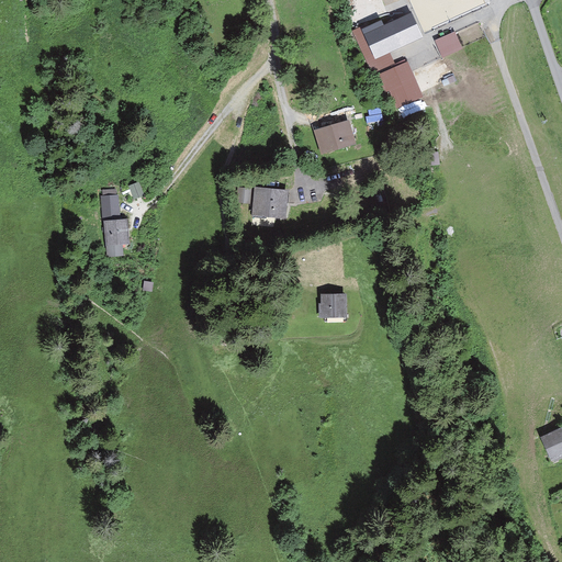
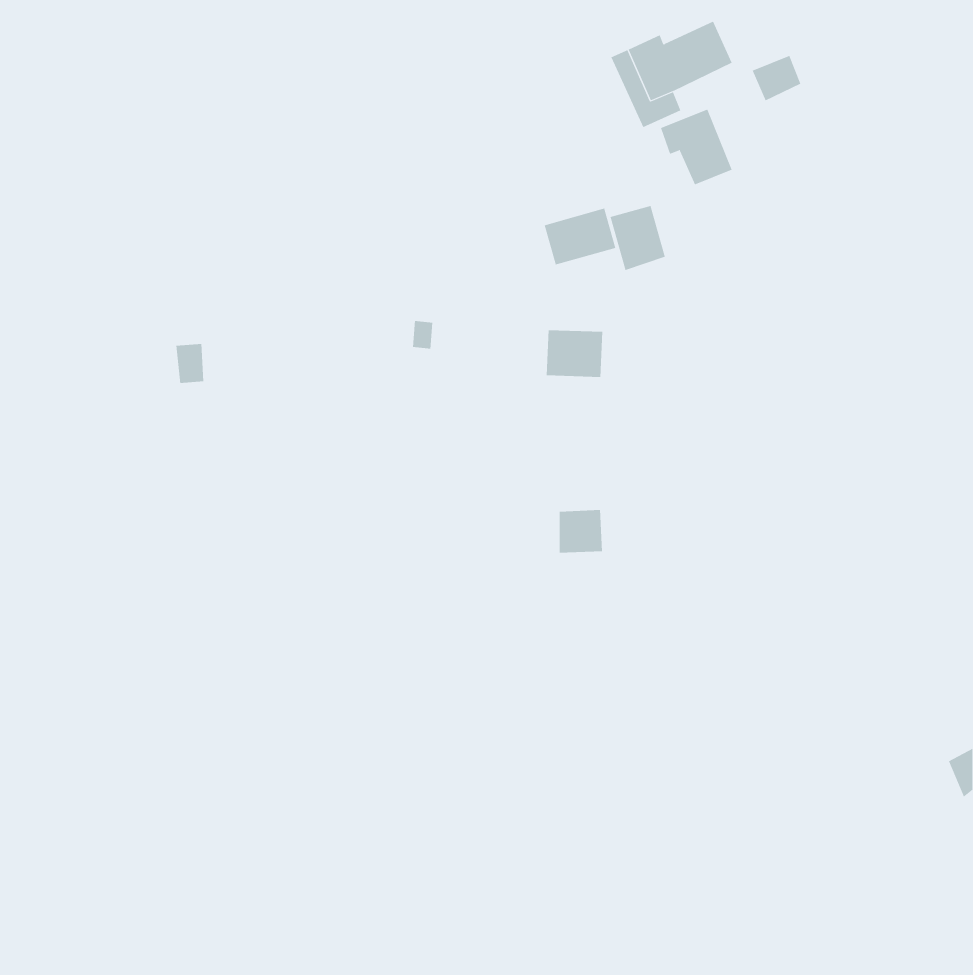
building: none -> [610,205,665,271]
building: [254,189,286,216] -> [546,330,603,377]
building: [105,222,125,255] -> none

